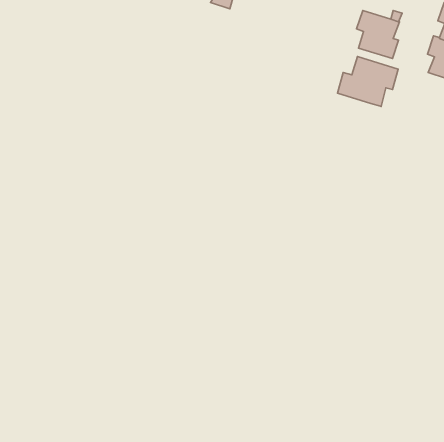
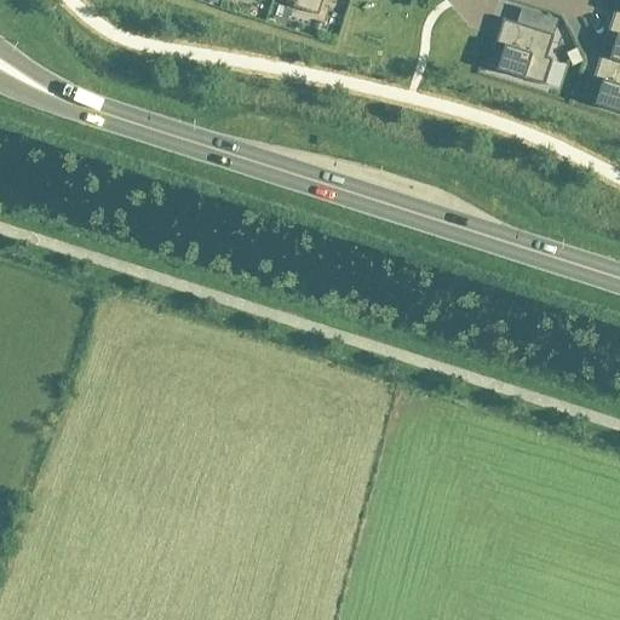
building: [337,56,398,107] -> none

